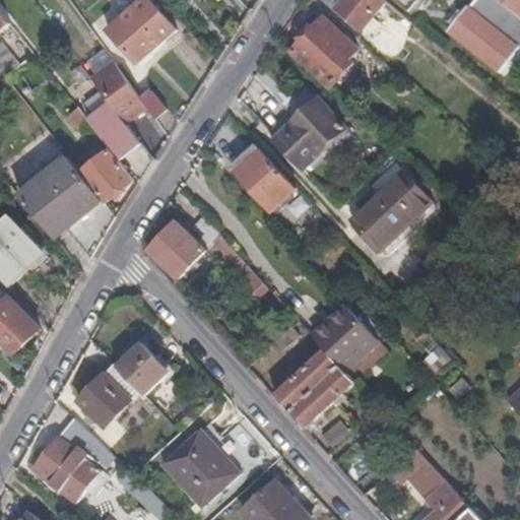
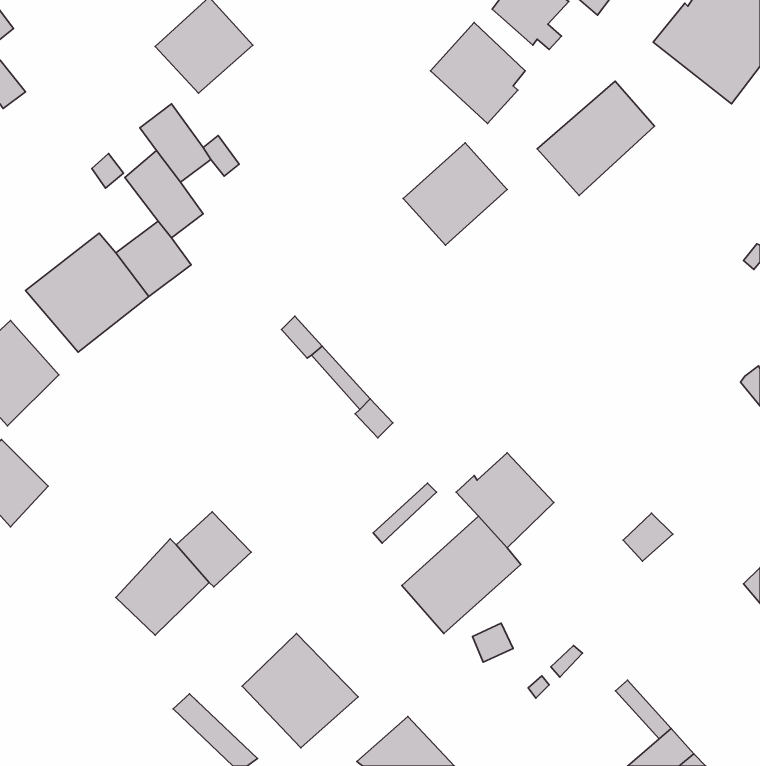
building: [231,142,296,210] -> none
building: [349,172,429,249] -> [537,81,654,195]
building: [147,221,202,277] -> none
building: [32,420,117,506] -> none

